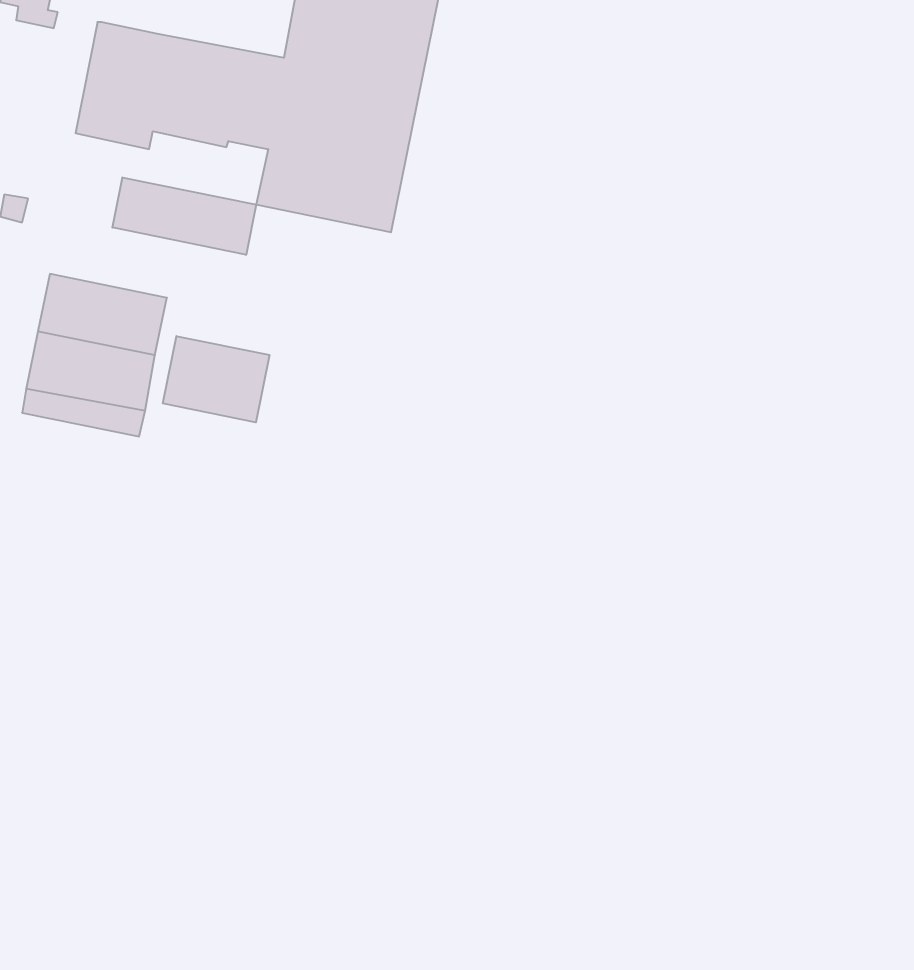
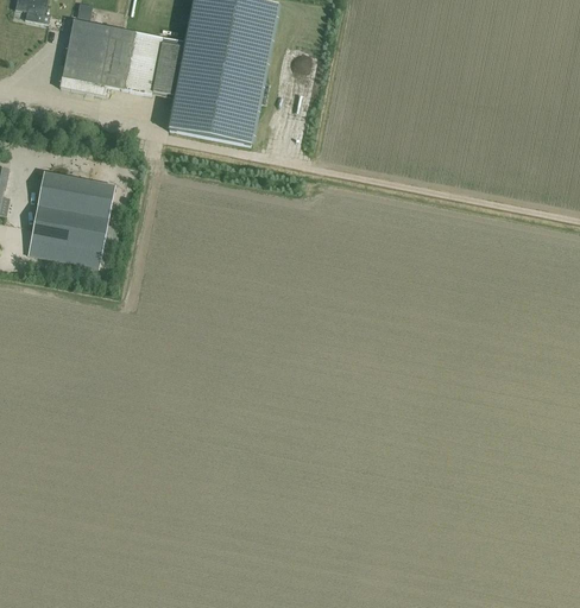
building: [112,177,256,255] -> none
building: [163,336,269,422] -> none

